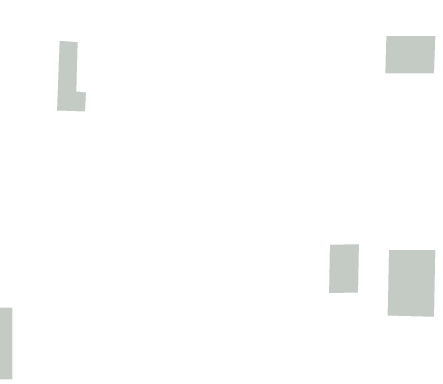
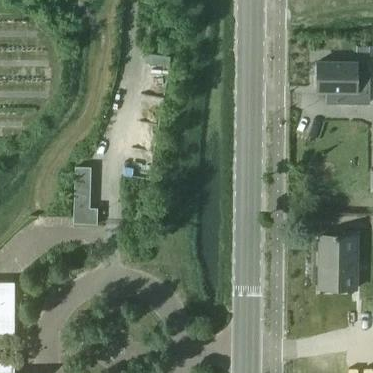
building: [56,41,87,112] -> [73,167,98,225]
building: [329,243,359,294] -> none

